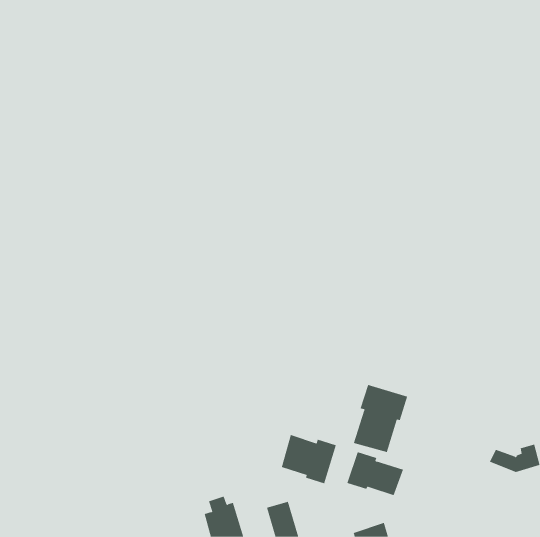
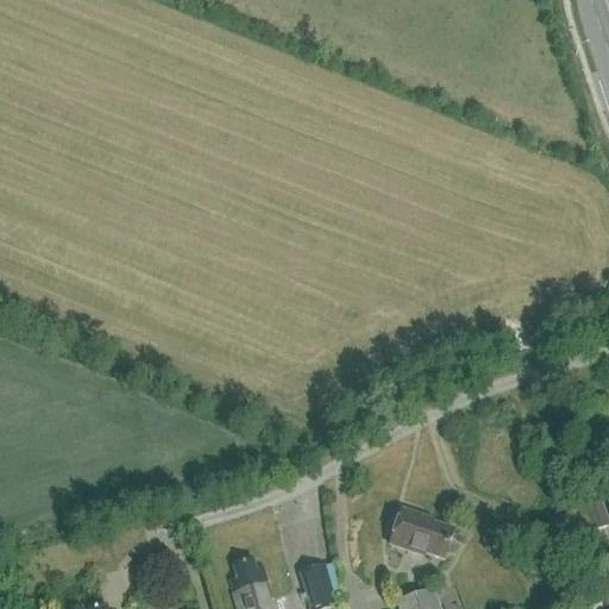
building: [353,384,408,453] -> none
building: [281,434,336,484] -> none

